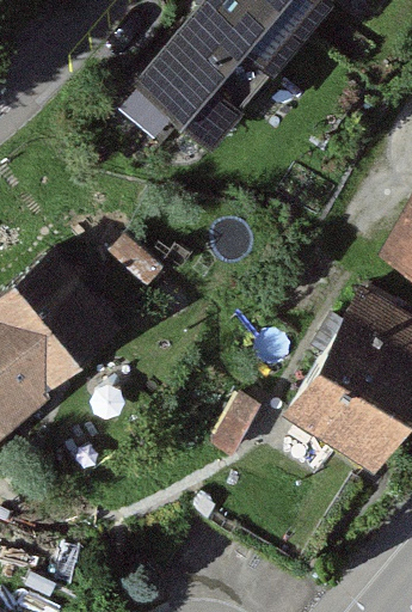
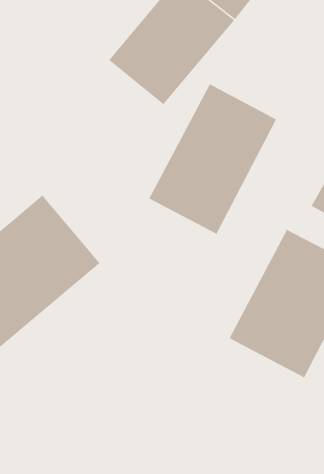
building: none -> [148,83,277,235]

